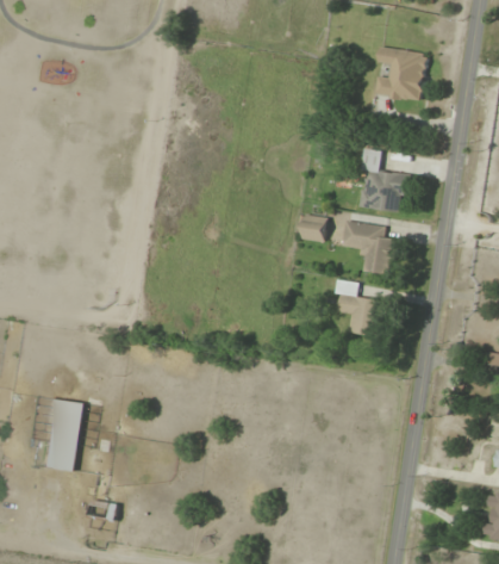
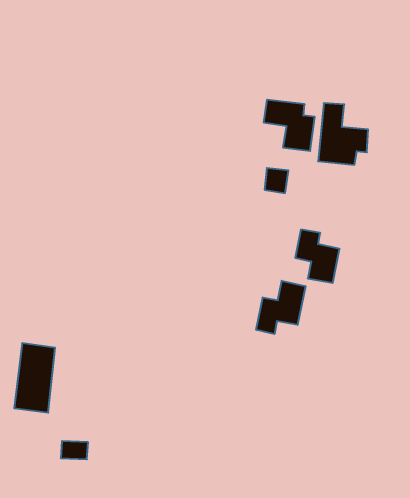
building: [375,45,430,103] -> none
building: [343,221,397,274] -> [264,100,315,151]
building: none -> [256,281,305,334]

